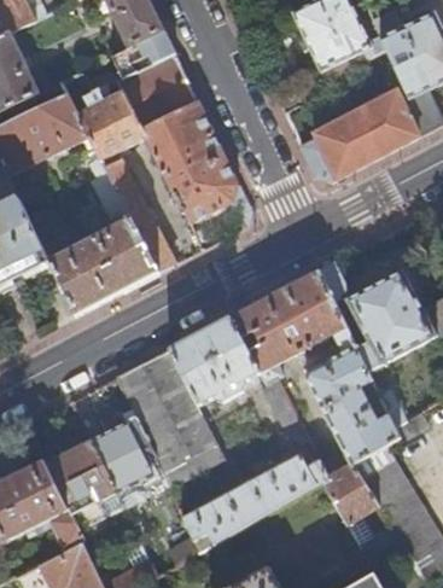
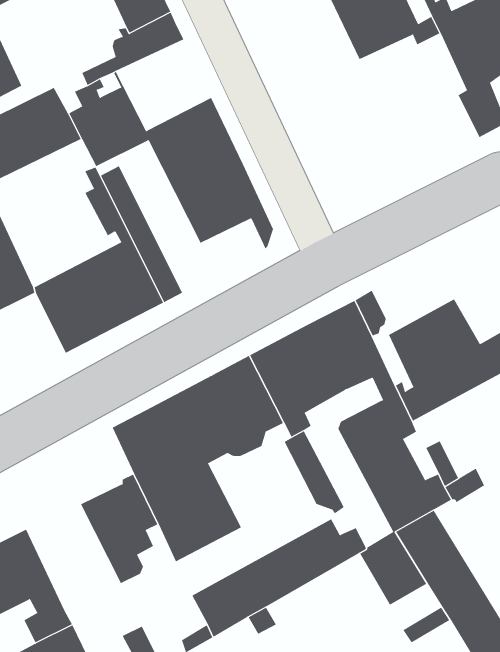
building: [118,52,198,128] -> none
building: [301,88,421,181] -> none
building: [43,439,122,529] -> none

